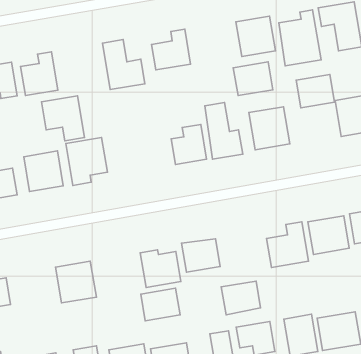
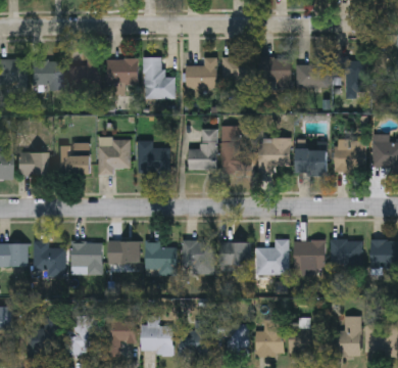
building: [233,62,273,96] -> [222,57,253,82]
building: [296,74,334,108] -> [297,149,327,174]
building: [42,96,85,141] -> [106,58,138,95]
building: none -> [138,140,170,174]
building: none -> [34,242,65,276]
building: [221,281,261,315] -> [219,242,250,267]
building: [141,288,180,321] -> [108,242,139,266]

